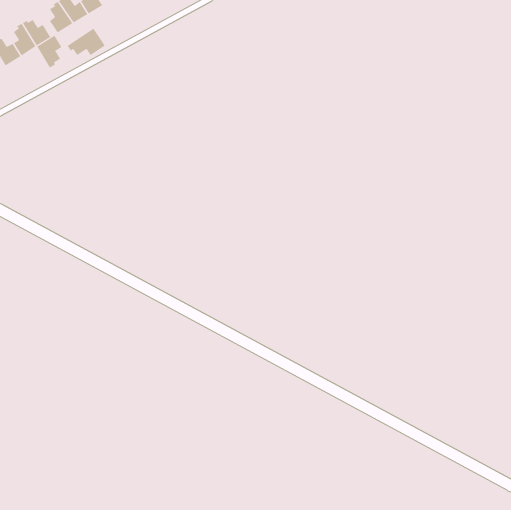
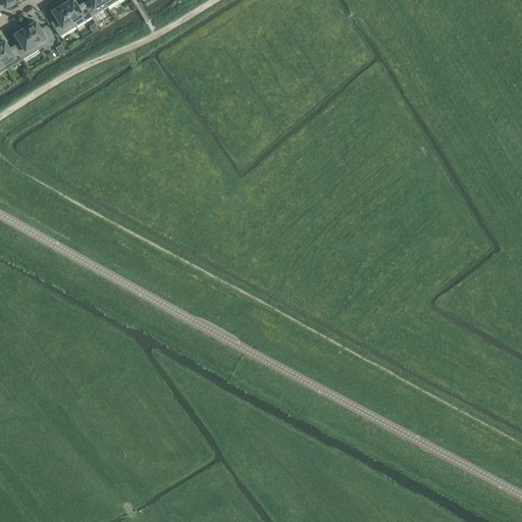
building: [67,28,106,56] -> none
building: [36,35,62,68] -> none

